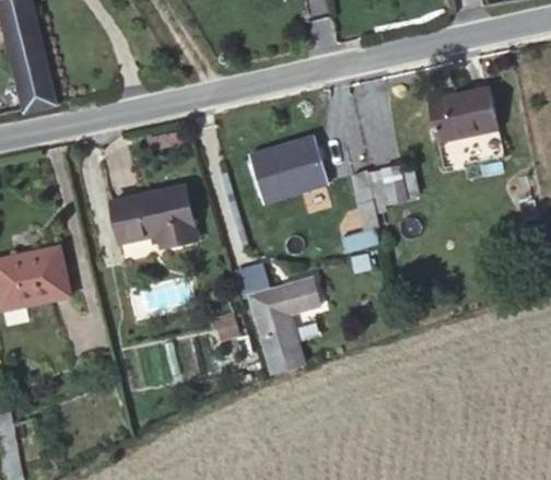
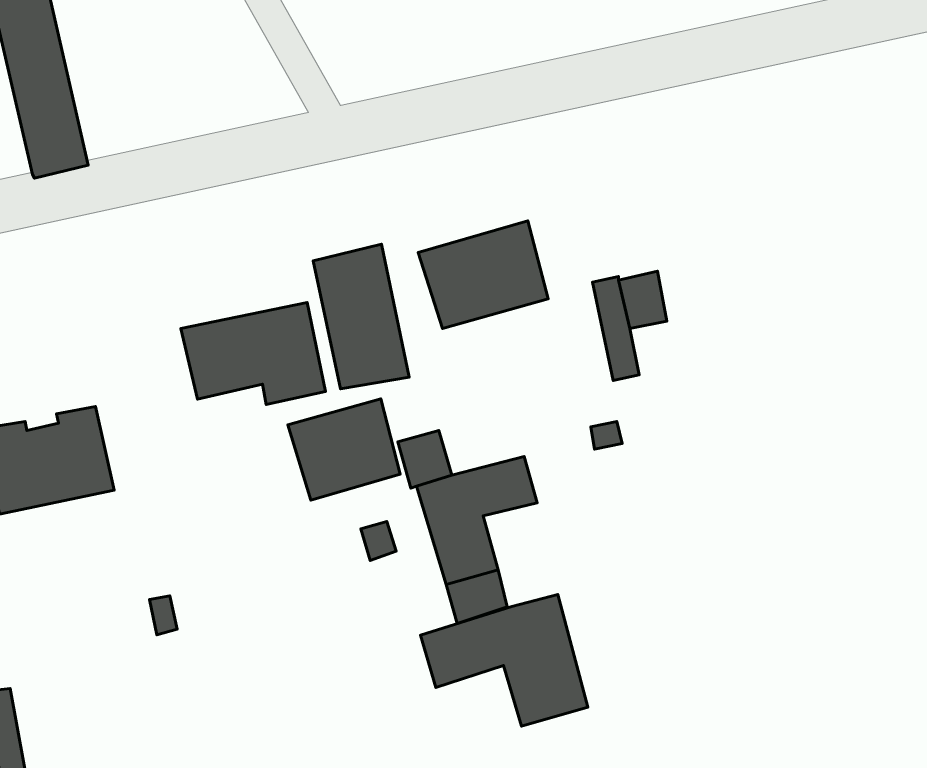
building: [429,87,496,141] -> none
building: none -> [313,244,409,389]
building: none -> [288,399,400,500]
building: none -> [421,595,588,726]

